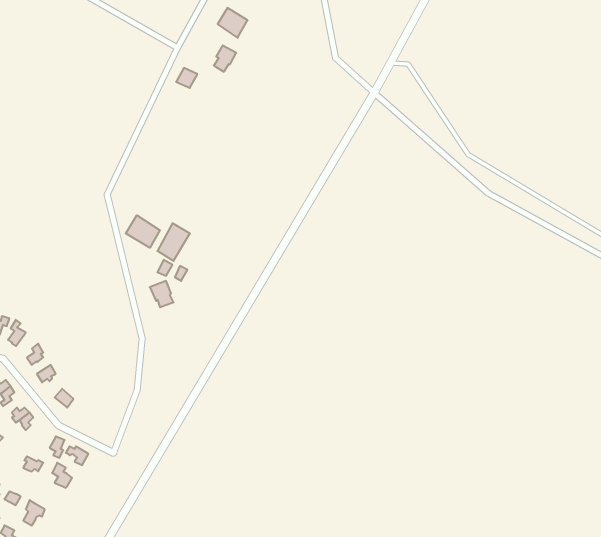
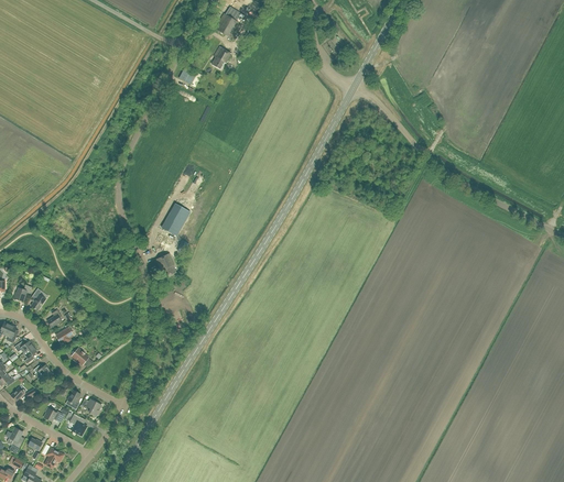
building: [126,215,160,248] -> none

